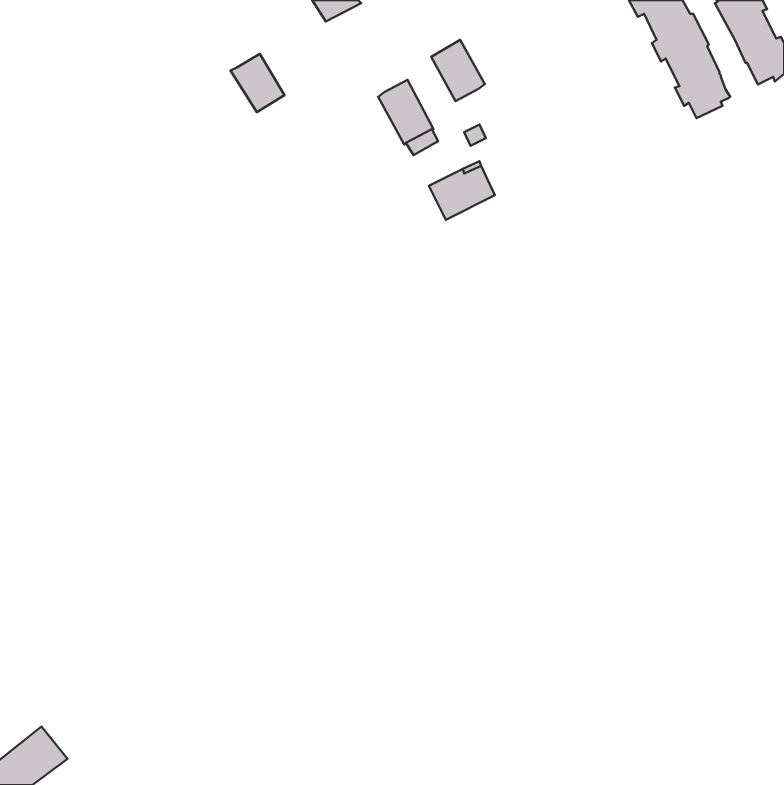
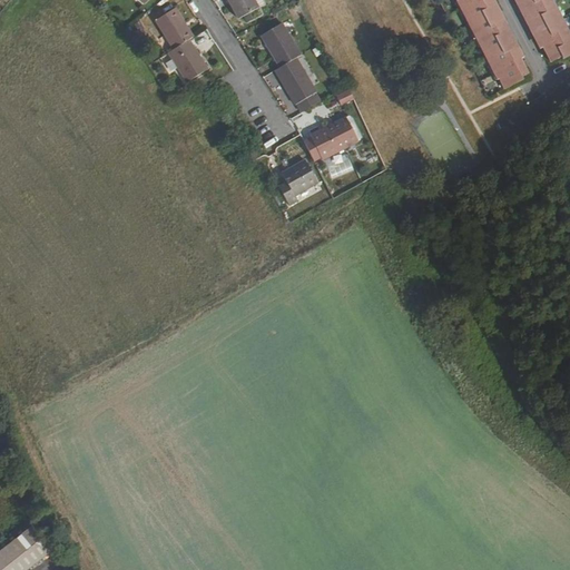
building: none -> [154,7,191,49]
building: [431,40,485,101] -> [261,22,299,67]
building: none -> [278,158,317,204]

